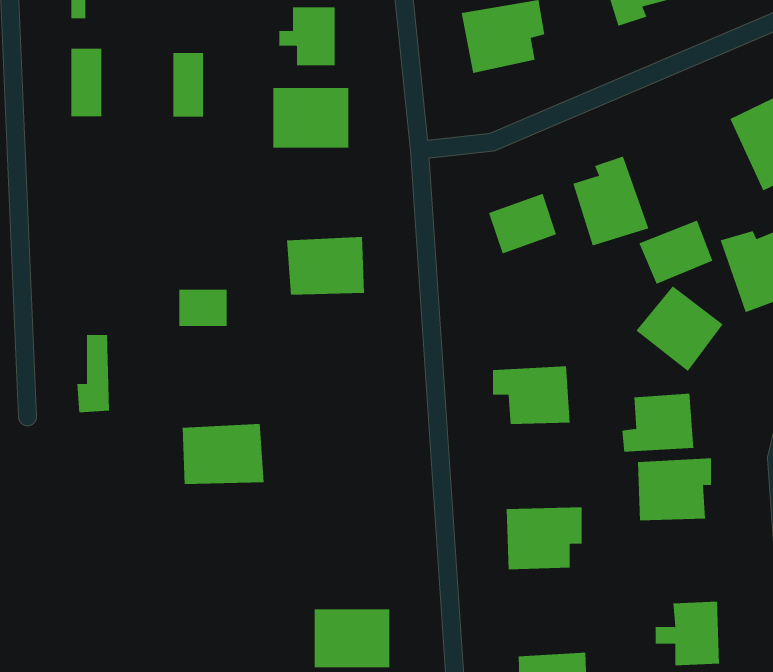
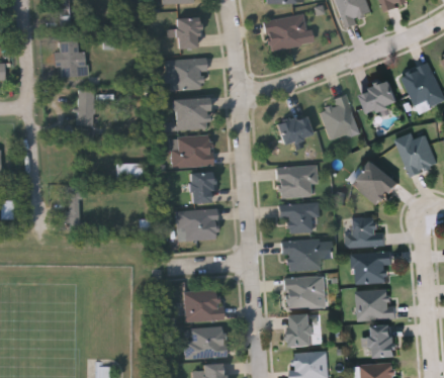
building: [173,53,204,117] -> [78,90,94,123]
building: none -> [166,99,208,130]
building: [639,220,713,284] -> [359,81,397,114]
building: none -> [276,166,318,198]
building: none -> [189,172,211,203]
building: [182,424,264,484] -> [176,209,218,241]
building: none -> [283,241,320,271]
building: none -> [356,289,395,318]
building: none -> [184,291,220,322]
building: none -> [289,314,312,346]

